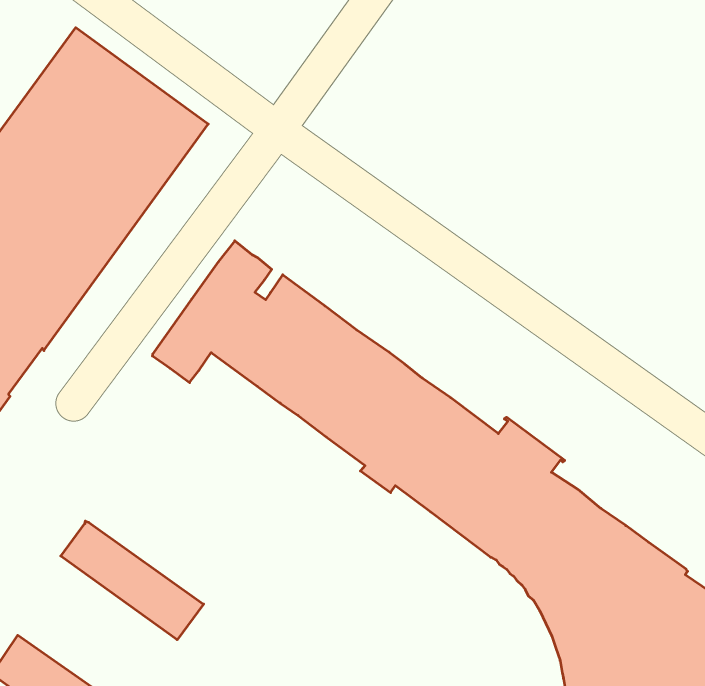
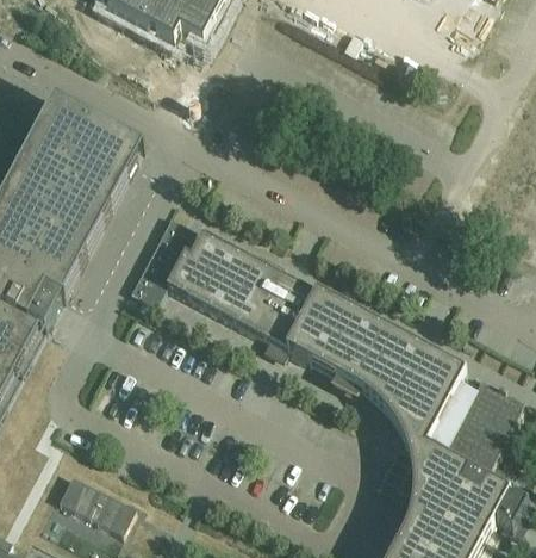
building: [61,521,204,640] -> none

